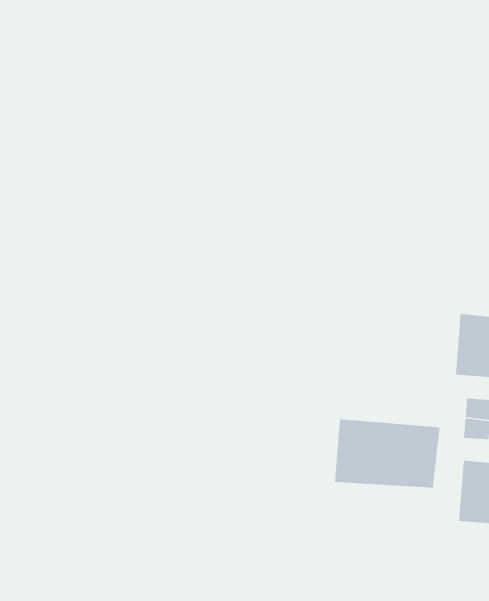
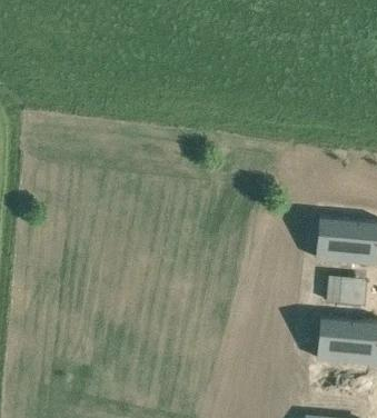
building: [334,419,440,489] -> none

